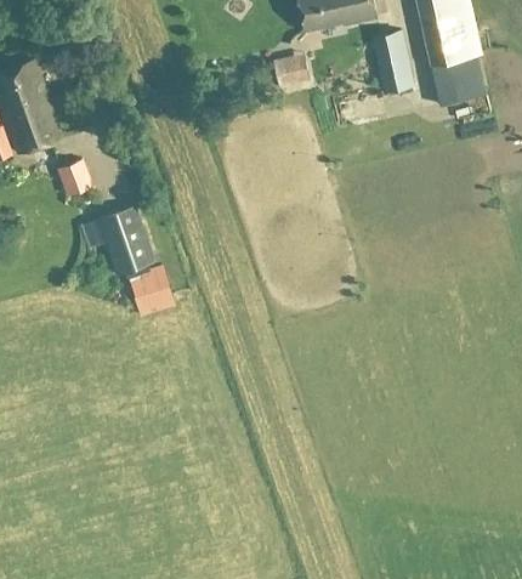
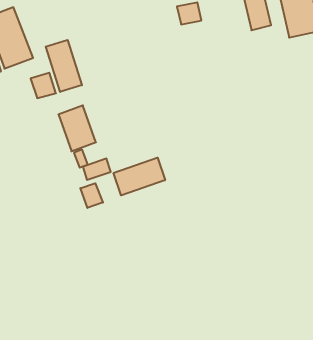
building: none -> [46,40,82,92]
building: none -> [114,158,165,195]
building: none -> [80,183,103,208]

